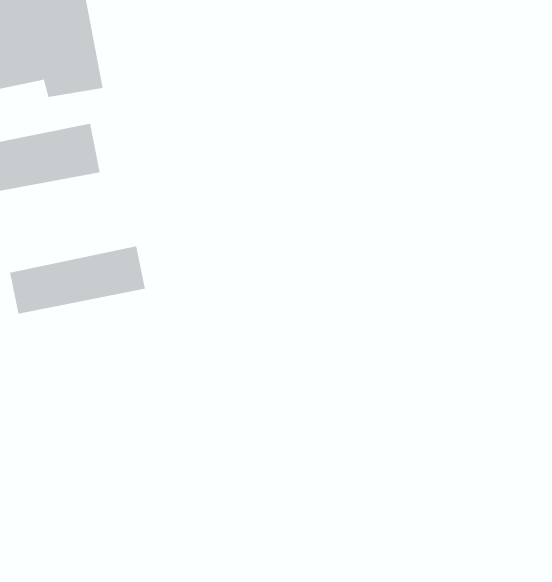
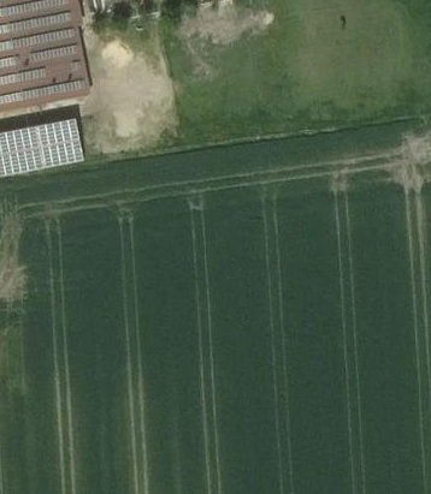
building: [10,246,146,315] -> none

